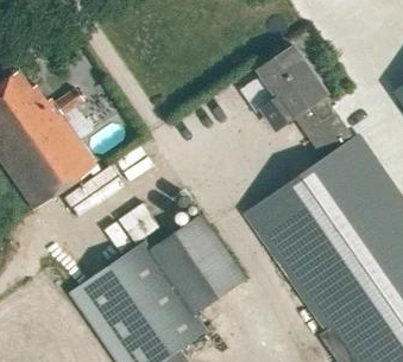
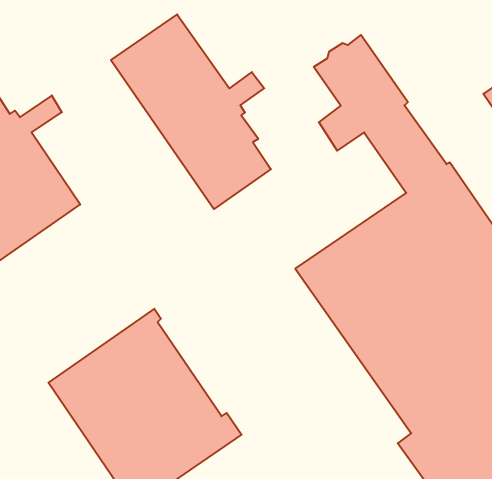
building: none -> [111,14,271,209]
building: [150,215,247,317] -> none

